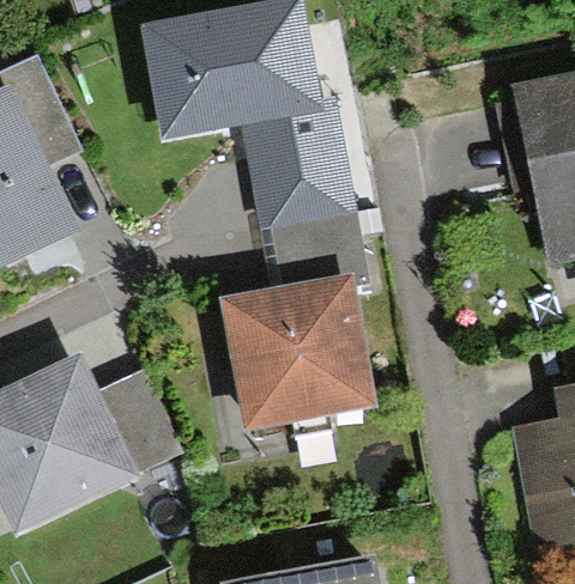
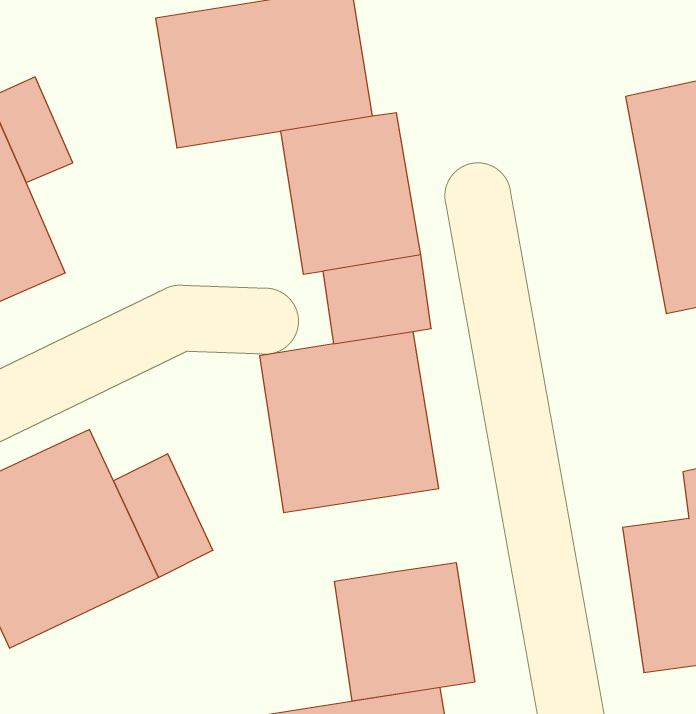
building: none -> [335,563,475,701]

